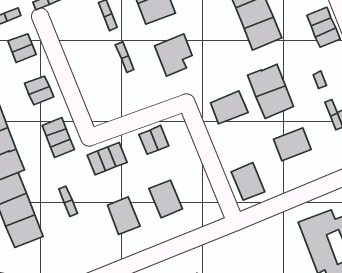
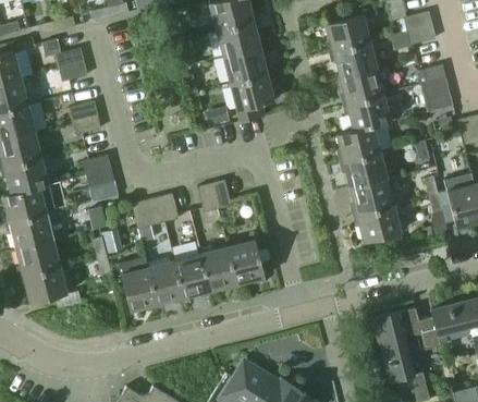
building: none -> [223,47,267,83]
building: none -> [346,94,391,130]
building: [210,91,248,124] -> [351,178,394,214]
building: [231,163,265,200] -> [228,239,265,282]
building: none -> [174,253,210,296]
building: none -> [118,256,157,309]

